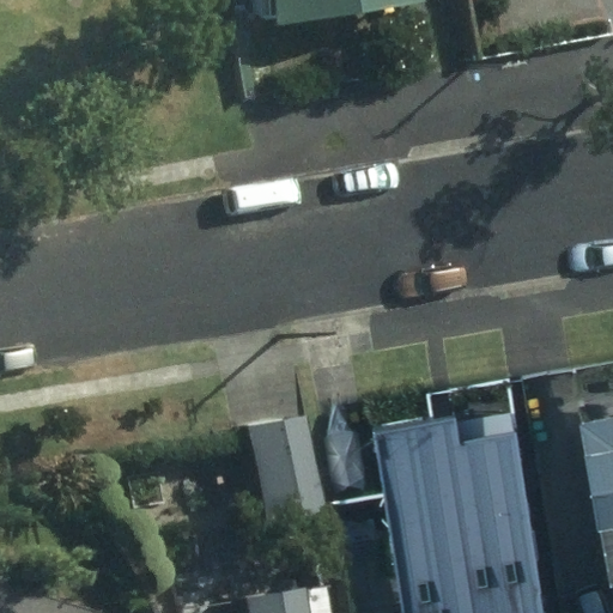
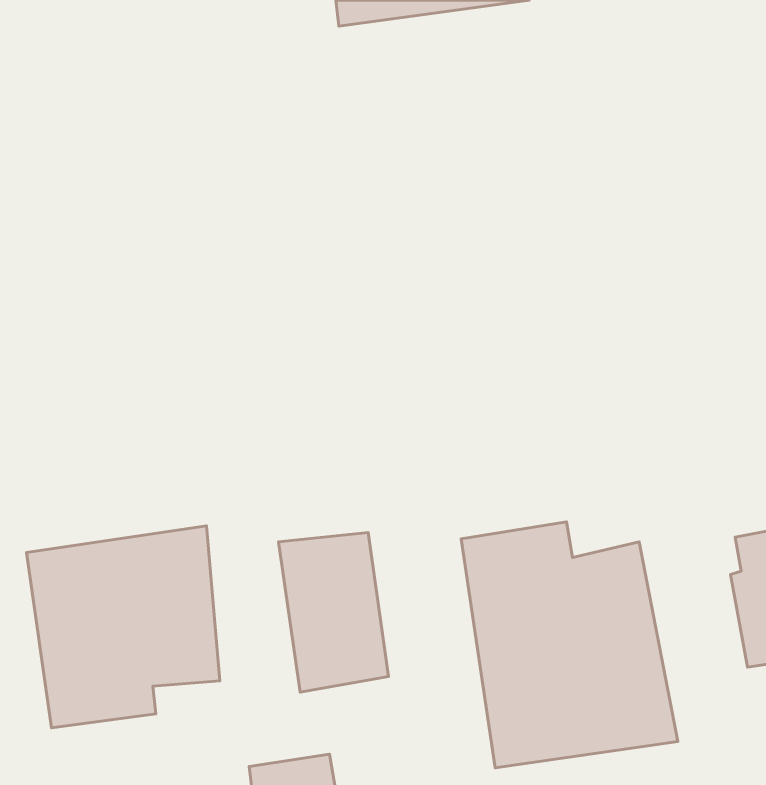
building: none -> [26,526,220,728]

